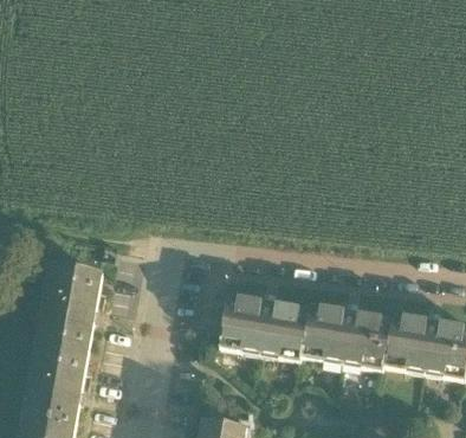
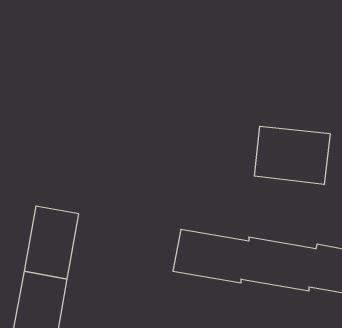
building: none -> [254,126,330,185]

